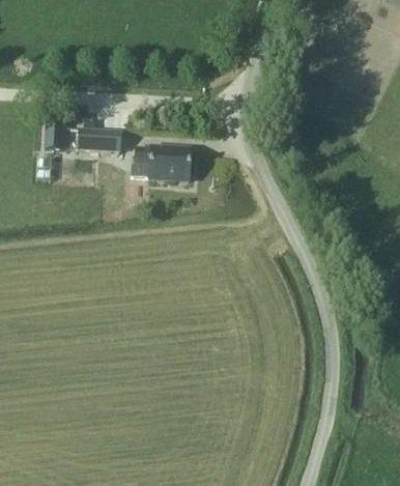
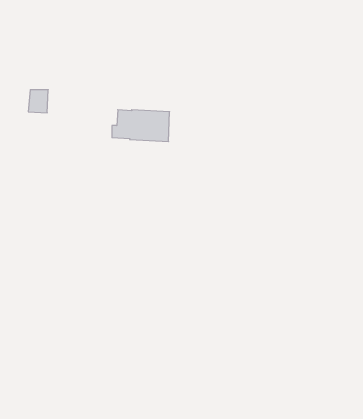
building: [76,127,120,151] -> none

